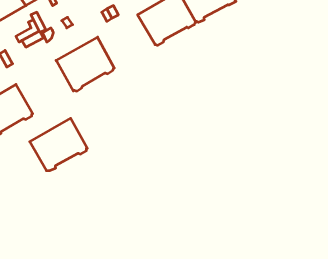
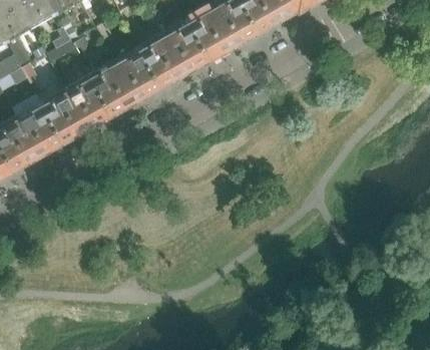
building: none -> [140,21,209,85]
building: [30,118,87,171] -> [42,77,111,140]

